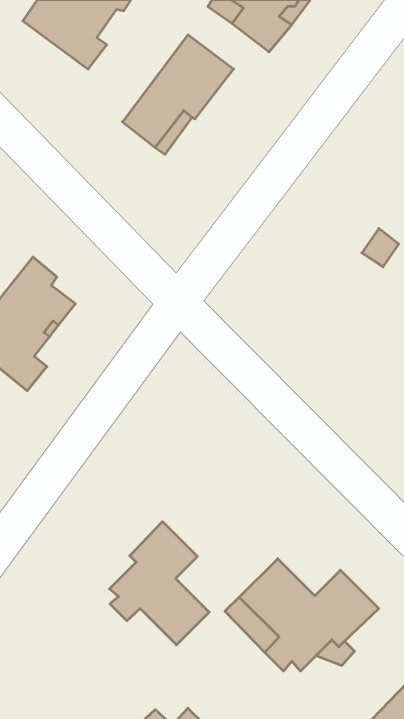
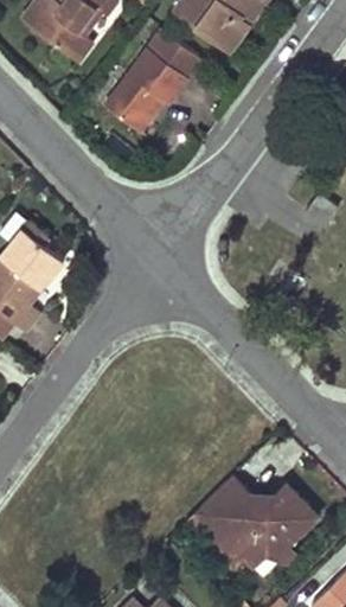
building: [109,522,209,645] -> none

